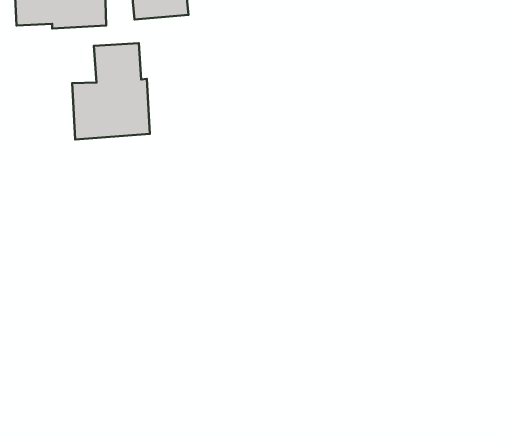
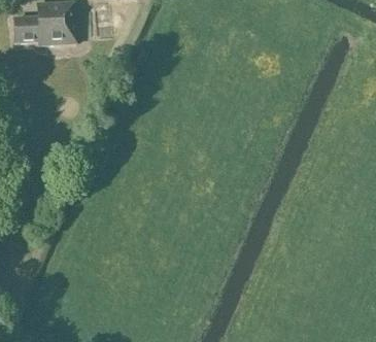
building: [72,43,150,139] -> none

